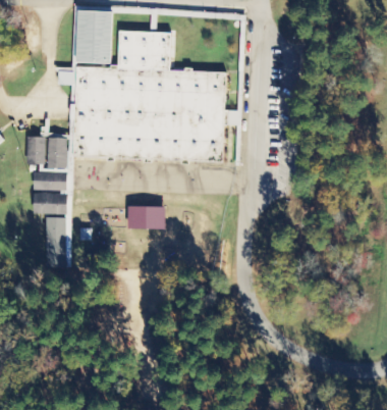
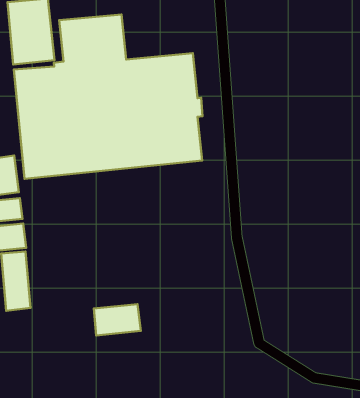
building: [126,205,164,228] -> [94,304,141,335]

